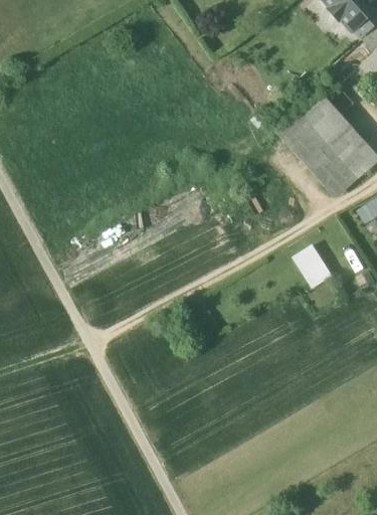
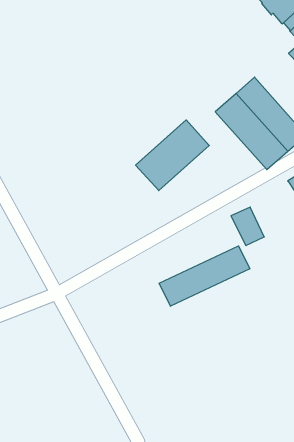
building: none -> [136,120,209,191]
building: none -> [159,246,250,306]

